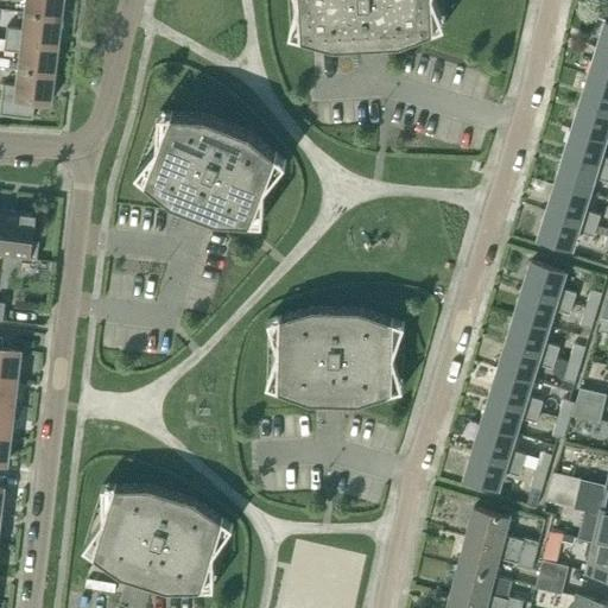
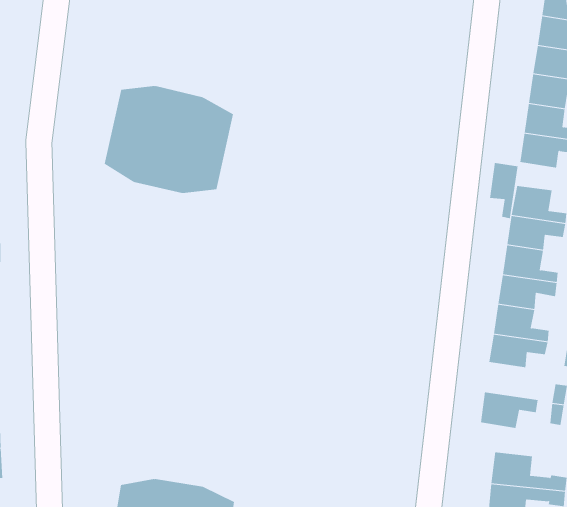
building: none -> [489,162,518,219]
building: [279,310,391,405] -> none
building: [473,425,526,468] -> none

